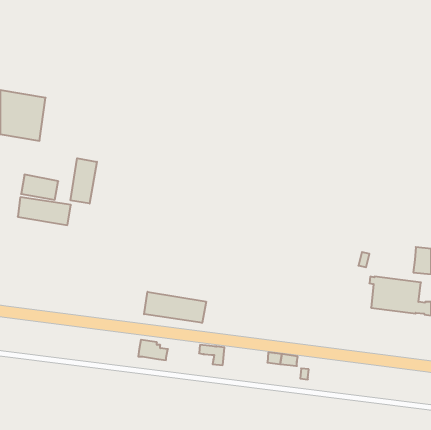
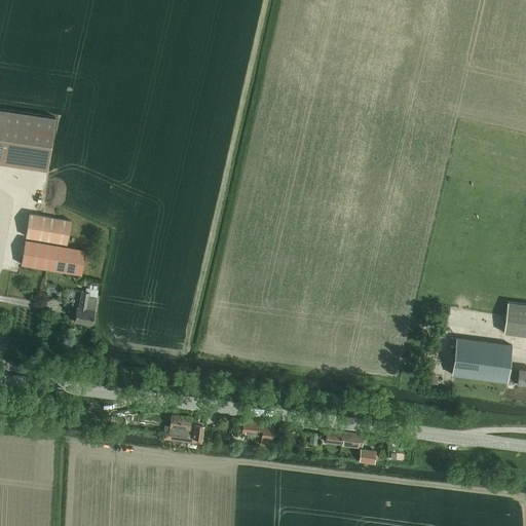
building: [71,158,97,204] -> none
building: none -> [75,289,98,326]
building: [144,292,206,323] -> none

